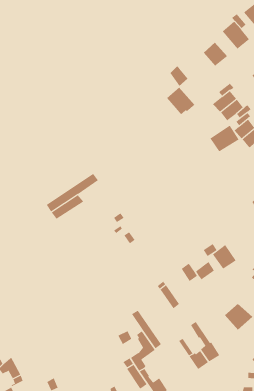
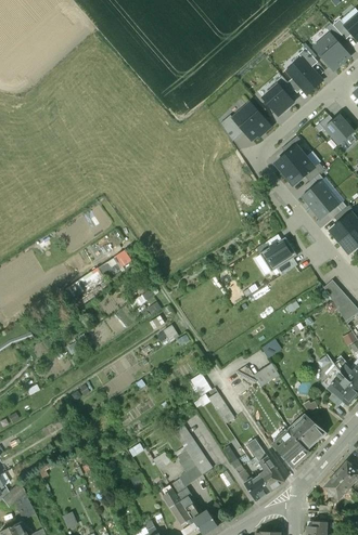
building: [166,87,195,115] -> [233,103,270,139]
building: [210,125,239,152] -> [259,236,297,271]
building: [212,244,237,270] -> none
building: none -> [272,429,309,466]

